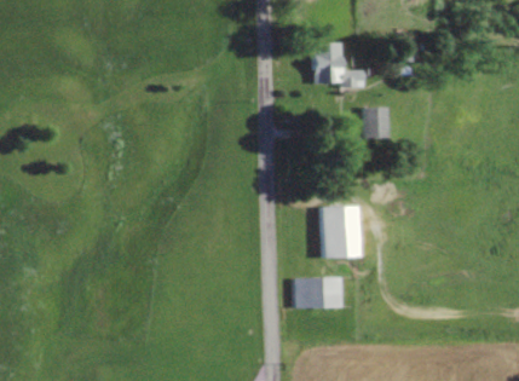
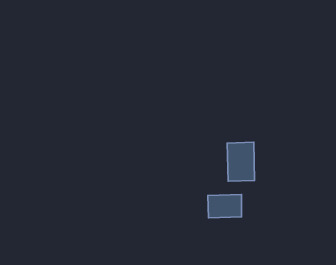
building: [315,42,364,87] -> none
building: [364,106,388,137] -> none

